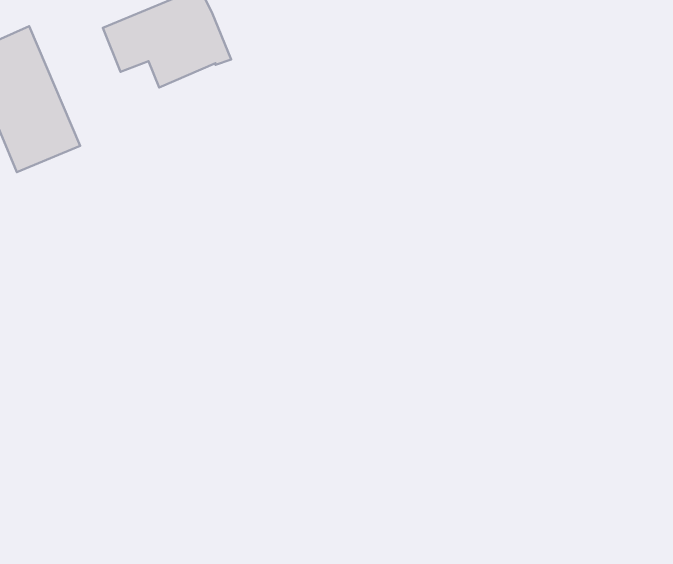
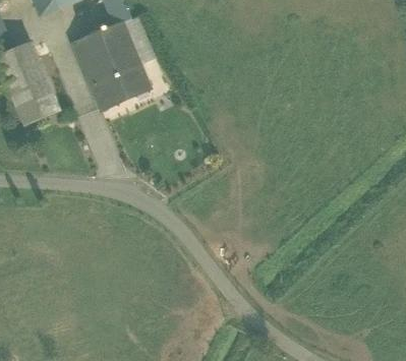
building: none -> [83,62,149,109]

